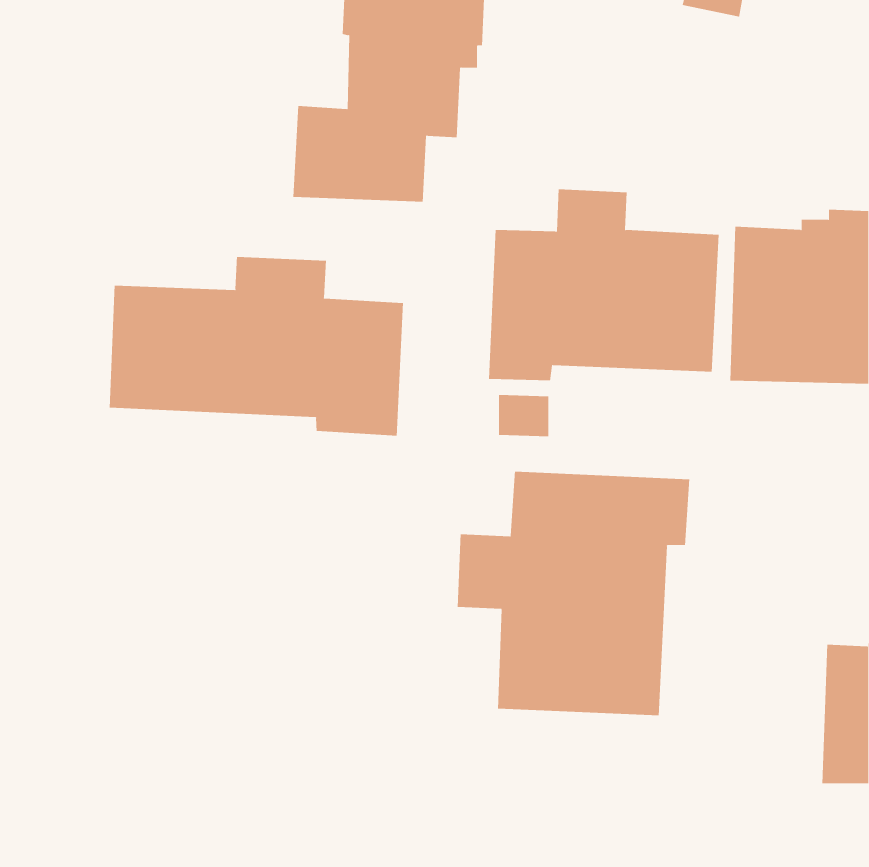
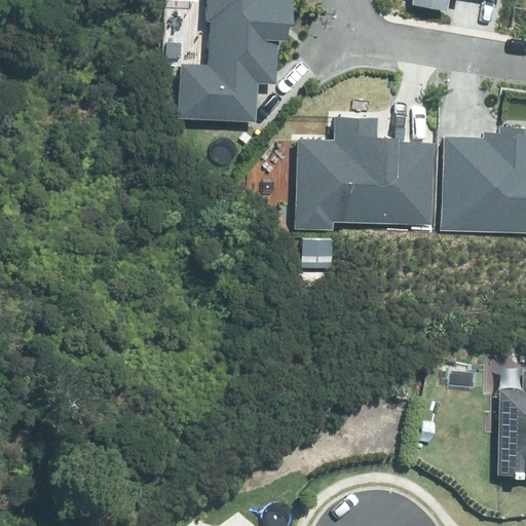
building: [109,256,403,436] -> none
building: [457,471,690,716] -> none

